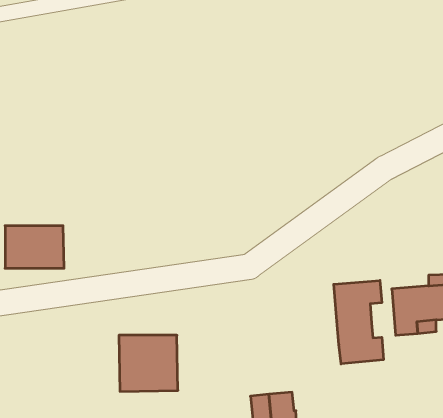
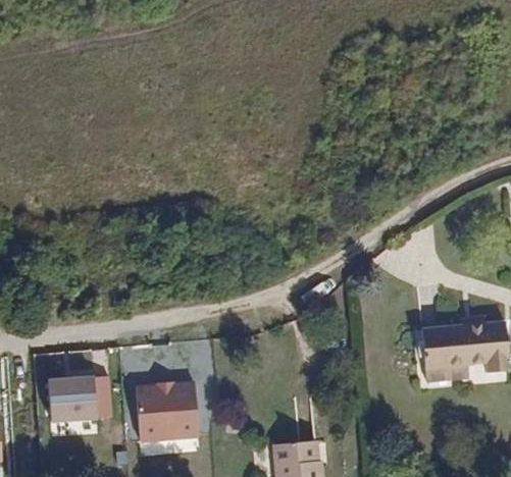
building: [5,226,64,268] -> [47,375,109,420]
building: [334,280,383,364] -> none

